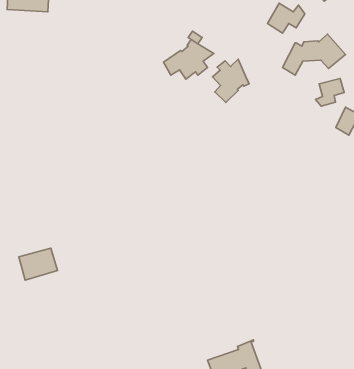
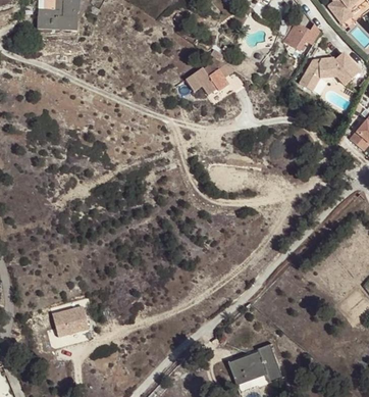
building: [212,59,249,102] -> none
building: [316,79,344,106] -> none
building: [19,248,57,280] -> [51,306,88,337]

